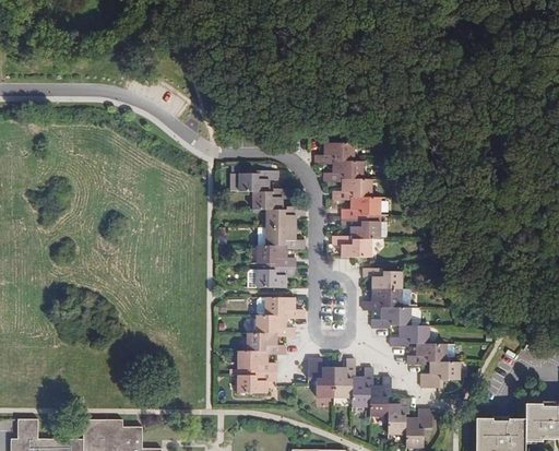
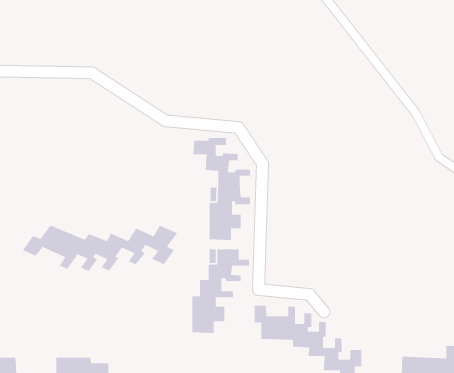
building: [316,142,382,258] -> none
building: [364,268,461,388] -> none
building: none -> [22,224,178,272]

